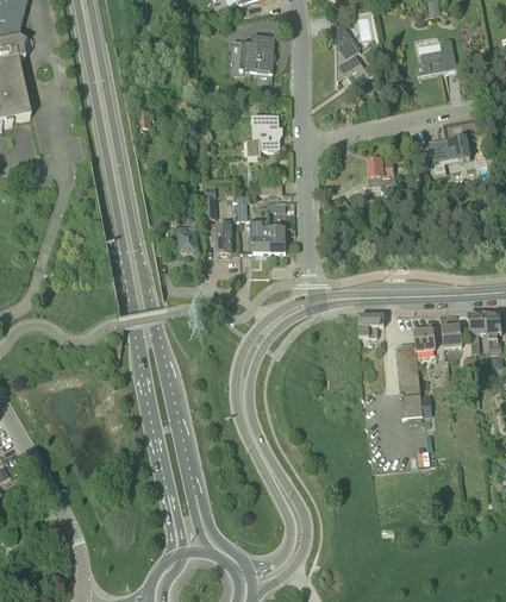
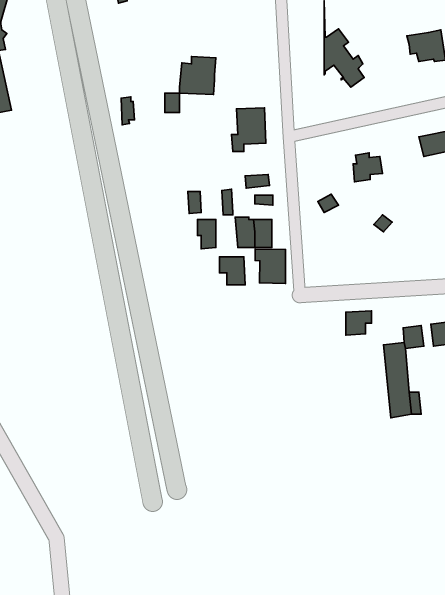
building: [238,35,274,71] -> [179,57,216,94]
building: [171,225,196,252] -> [219,257,245,285]
building: none -> [255,249,285,284]

